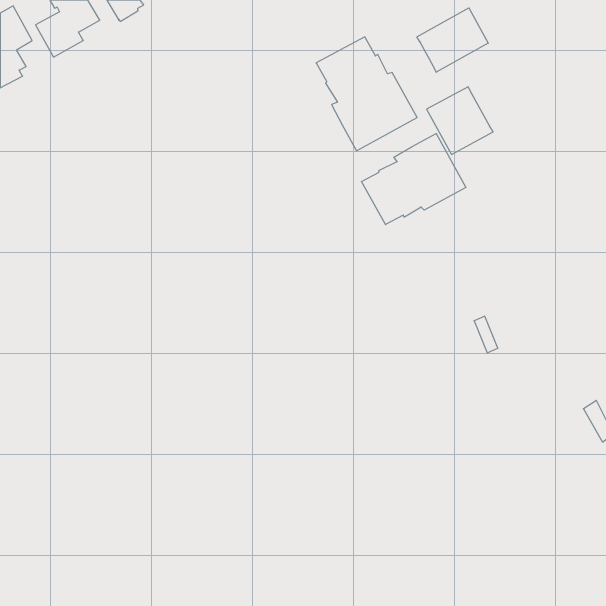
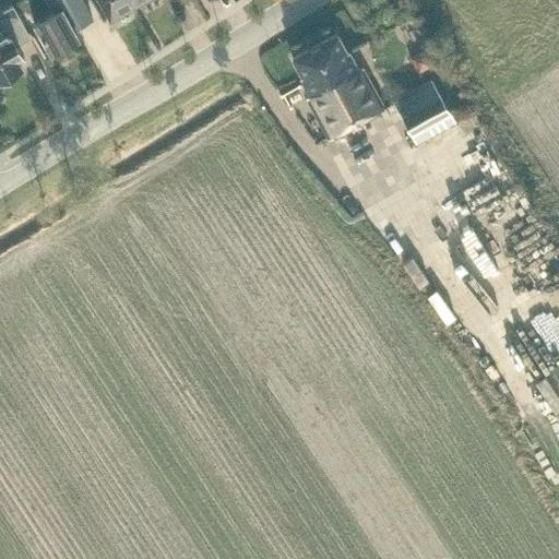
building: [417,8,488,72] -> none
building: [361,133,466,225] -> none

